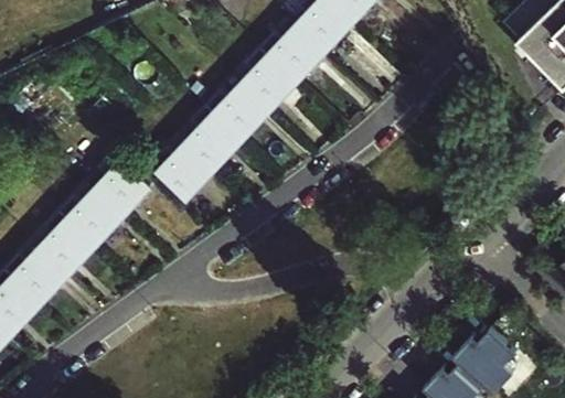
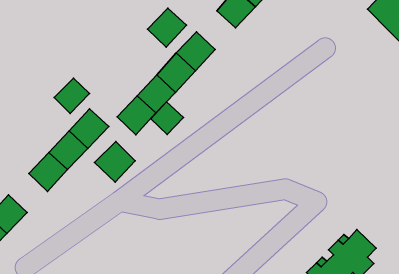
building: [269,31,322,84] -> [148,8,186,47]
building: none -> [54,78,90,114]
building: none -> [151,102,183,135]
building: none -> [95,141,135,182]
building: [13,252,66,305] -> none

